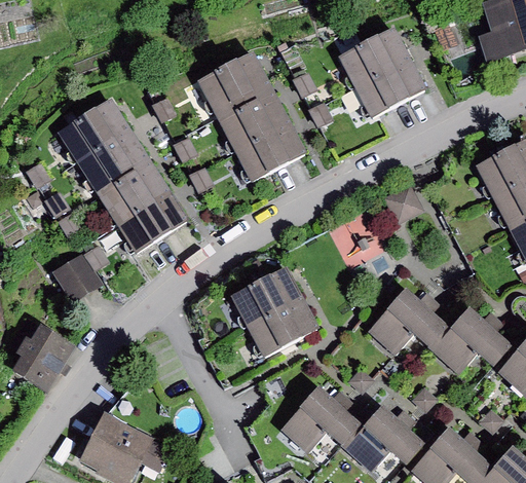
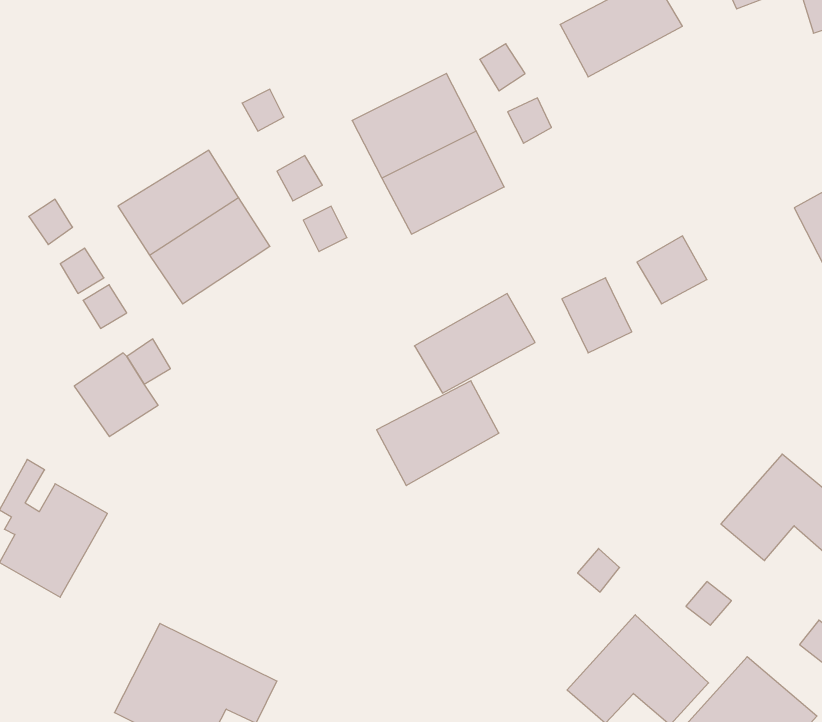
building: [198,51,271,114] -> none
building: [354,59,424,116] -> none
building: [58,99,132,164] -> none
building: [116,188,188,254] -> none
building: [366,289,448,352] -> none
building: [248,298,318,357] -> [414,294,535,393]
building: [279,387,360,453] -> none

